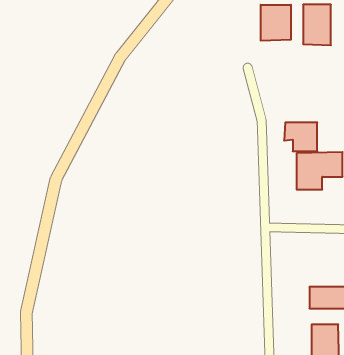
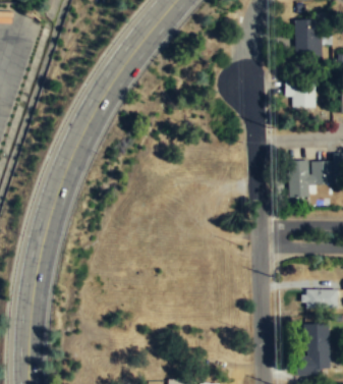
building: [261,5,291,41] -> none
building: [284,122,317,151] -> [285,79,317,107]

